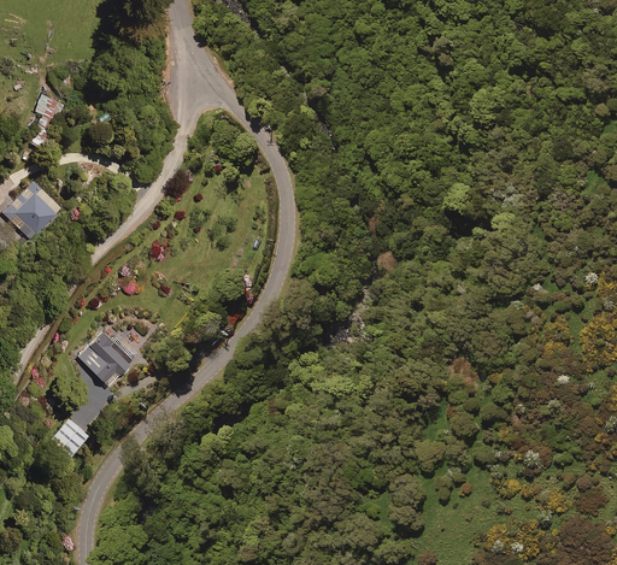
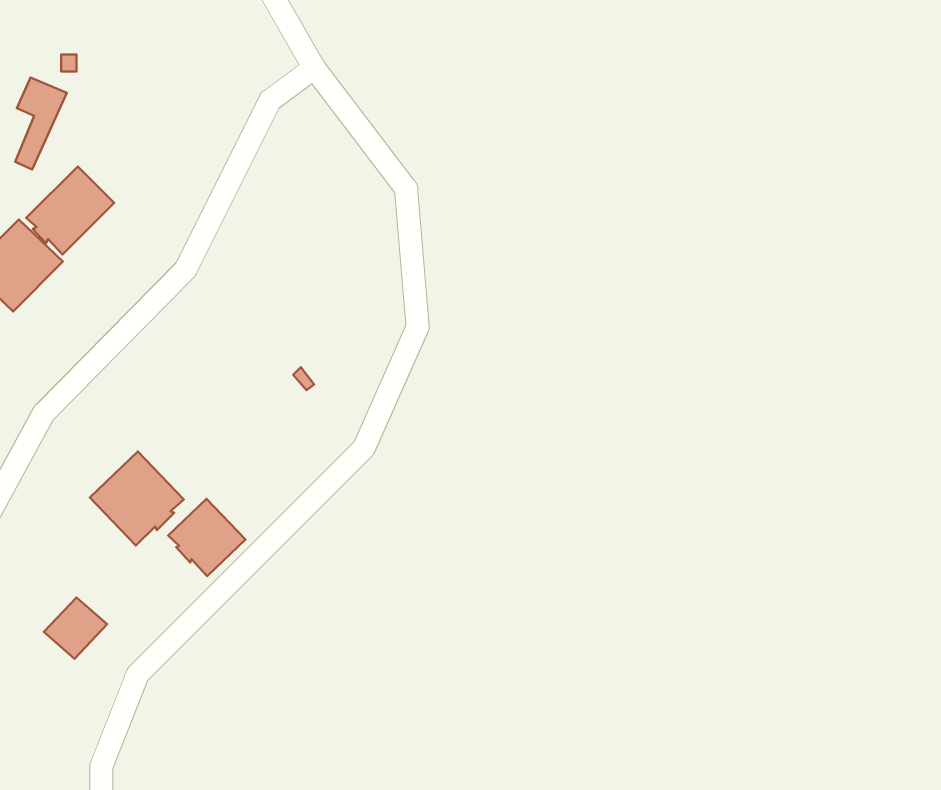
building: none -> [26,166,114,254]
building: none -> [168,499,245,576]

